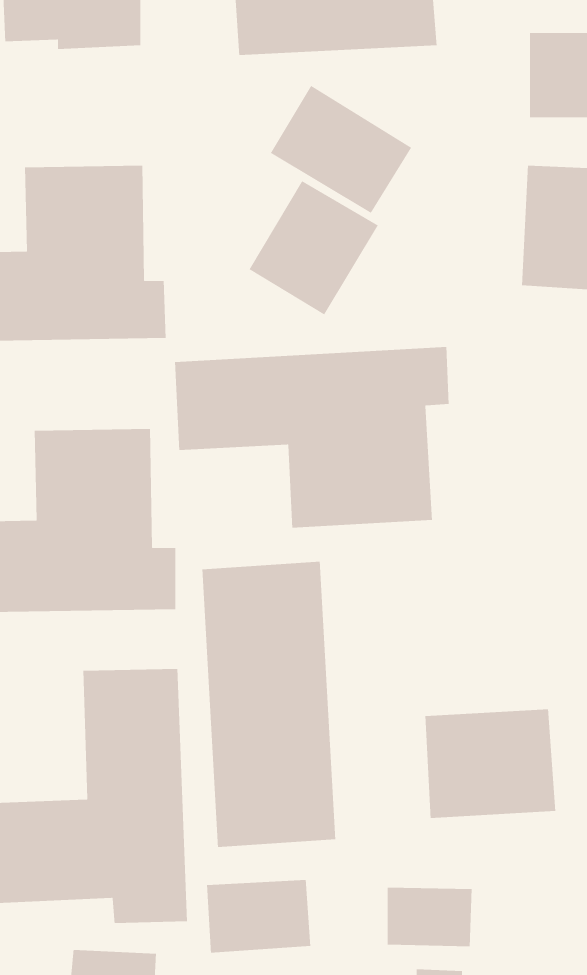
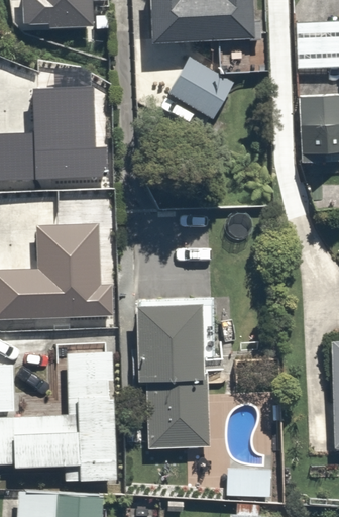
building: [248,180,379,316] -> none
building: [174,346,449,528] -> none
building: [425,708,556,819] -> none
building: [206,879,311,953] -> none

